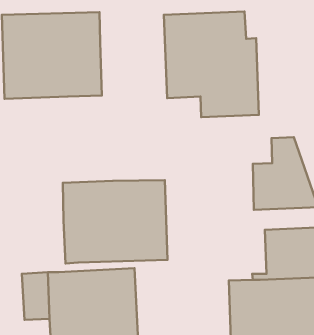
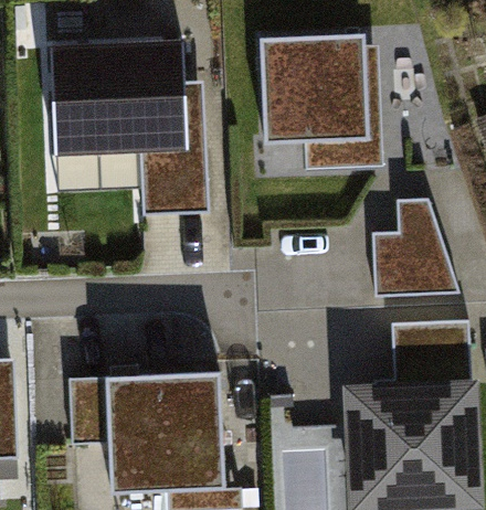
building: none -> [129,74,196,208]
building: [63,180,167,263] -> none

